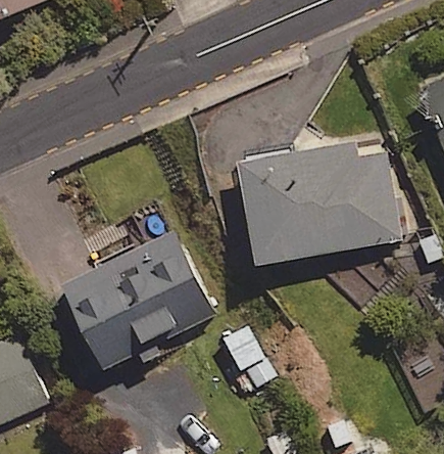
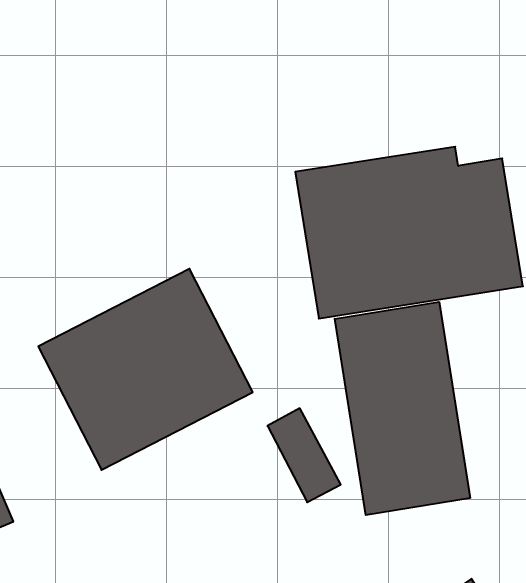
building: none -> [335,302,470,515]

